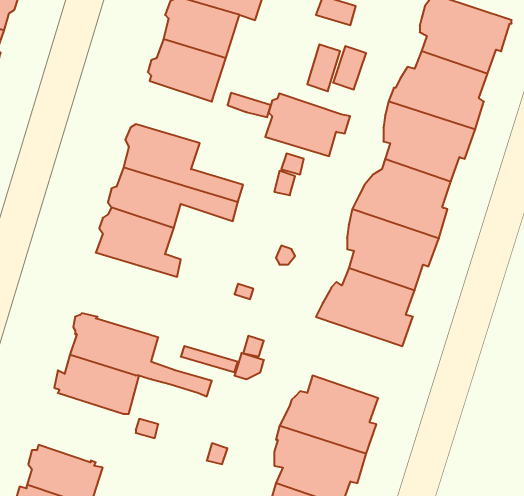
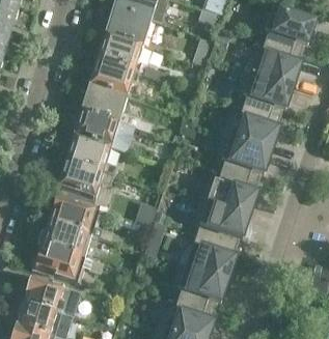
building: [265,94,350,156] -> [89,59,140,96]
building: none -> [55,162,114,208]
building: none -> [194,200,249,249]
building: none -> [33,246,85,281]

